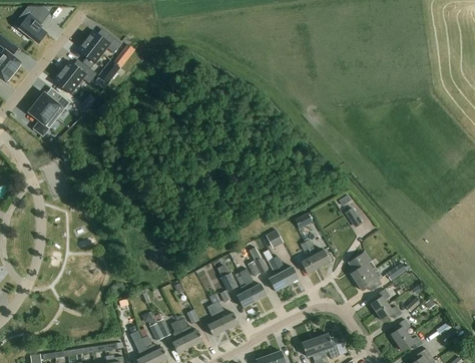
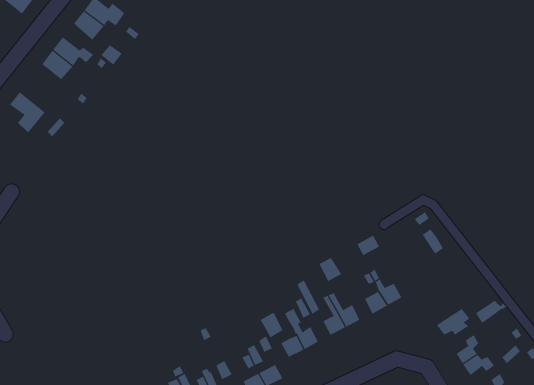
building: [37,92,69,118] -> none
building: [348,251,376,282] -> none

